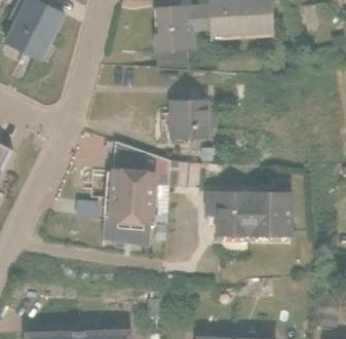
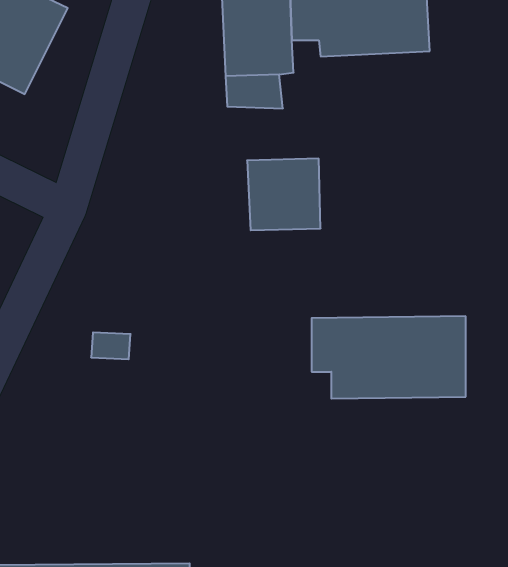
building: [100,141,168,247] -> none

